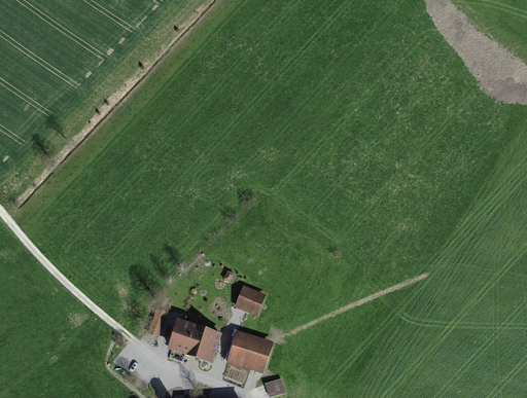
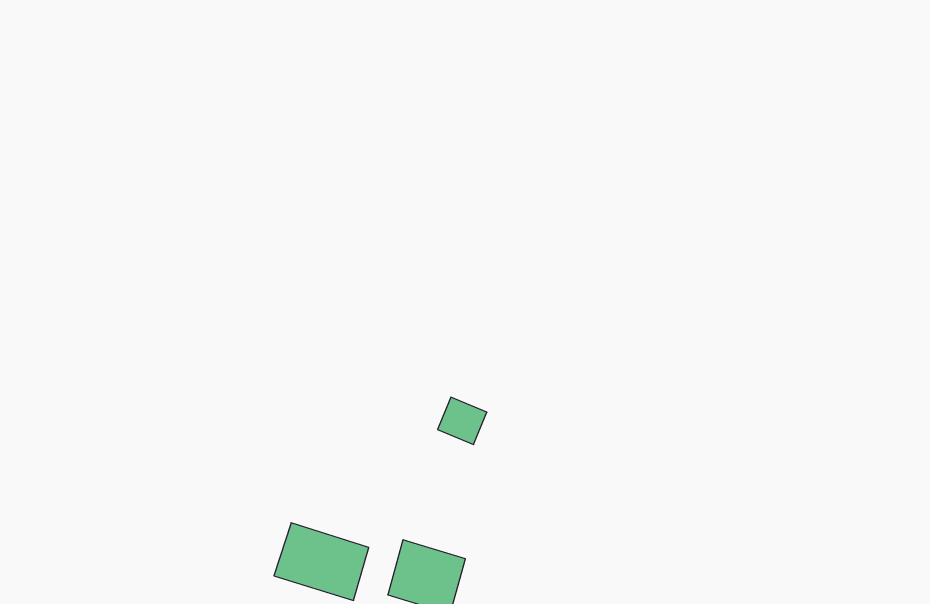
building: [237,286,264,312] -> [438,397,487,445]

